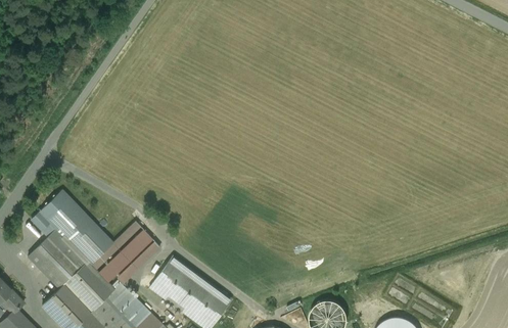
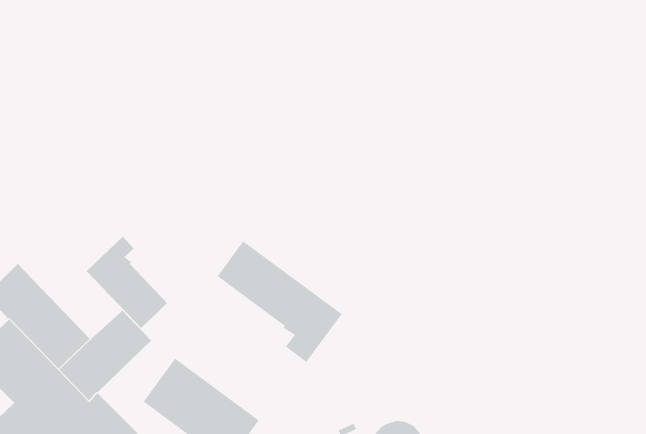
building: none -> [86,236,168,329]
building: none -> [217,240,342,363]

